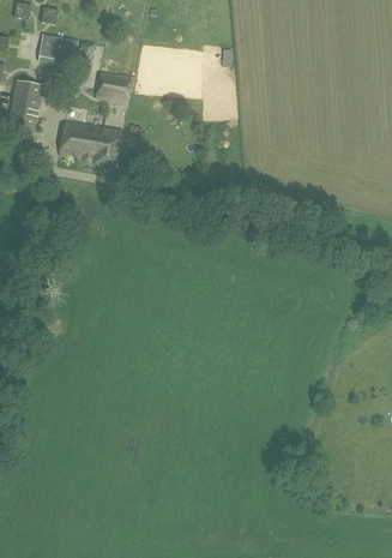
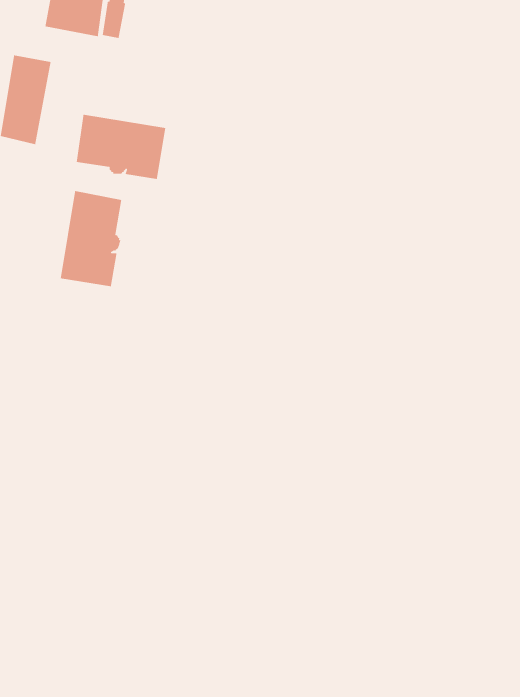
building: [95,71,131,103] -> none
building: none -> [60,190,122,287]

